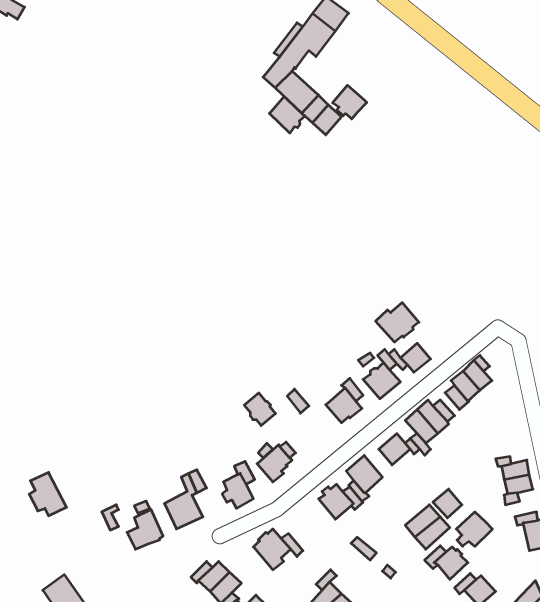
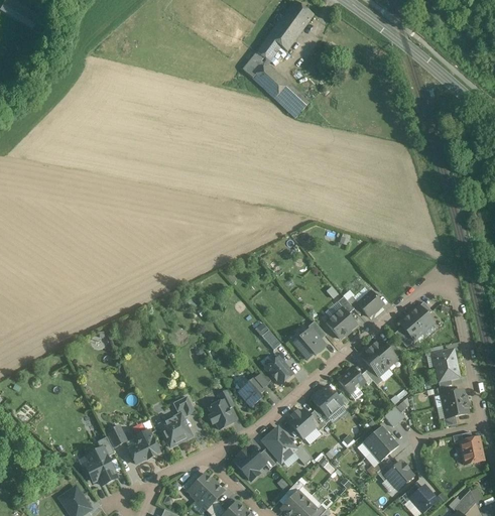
building: [333,85,367,119] -> none
building: [269,97,305,133] -> none
building: [376,303,419,342] -> none
building: [244,393,276,426] -> [266,357,292,384]
building: none -> [434,349,459,381]
building: [29,472,67,516] -> [86,448,117,485]
building: none -> [262,427,296,462]
building: [456,512,492,546] -> none

